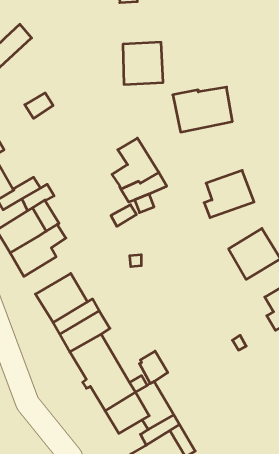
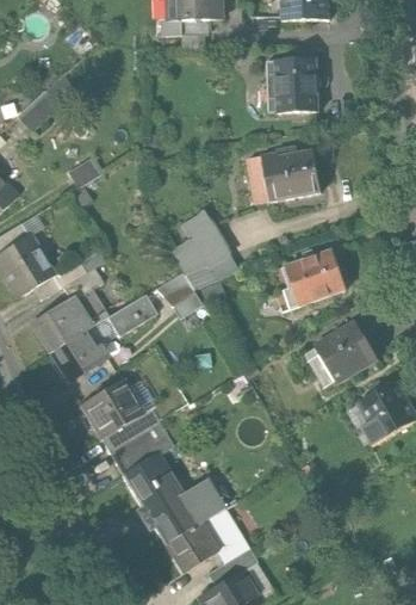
building: [123,42,163,84] -> [268,60,317,111]
building: none -> [154,271,195,305]
building: none -> [106,294,156,337]

